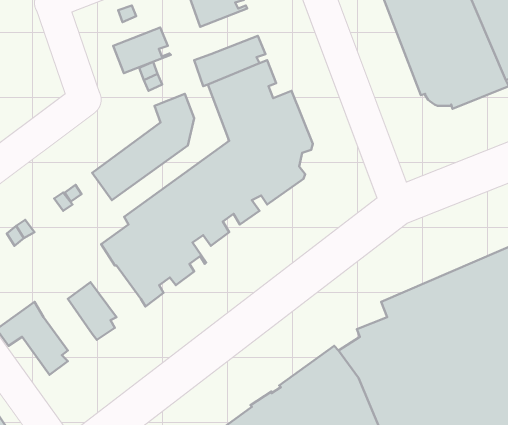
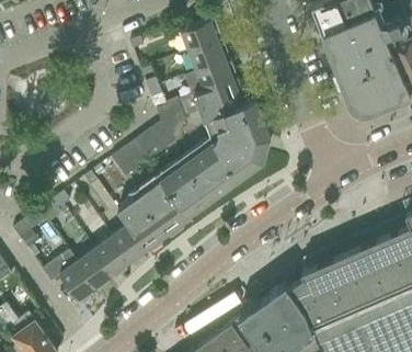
building: [113,28,171,73] -> [188,39,230,72]
building: none -> [110,225,146,266]
building: none -> [76,249,111,292]

